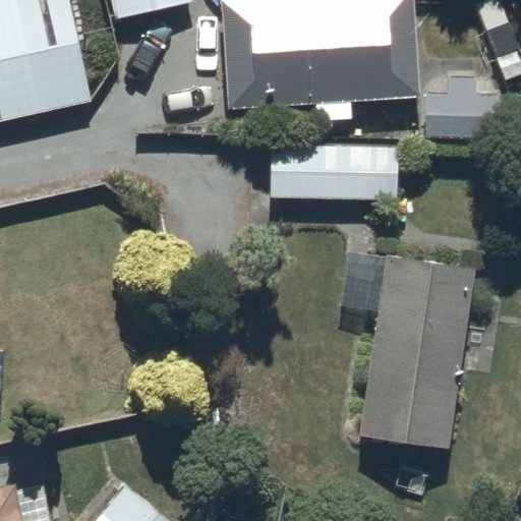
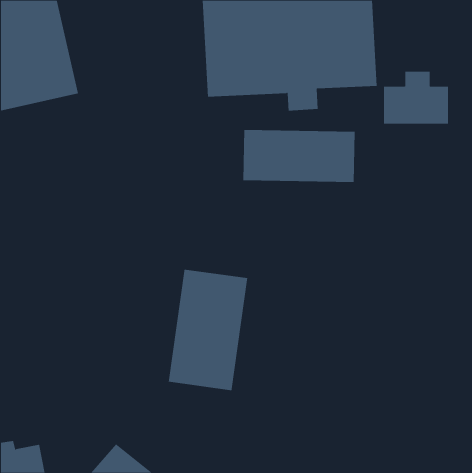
building: [339,252,473,445] -> none
building: none -> [168,269,248,391]

